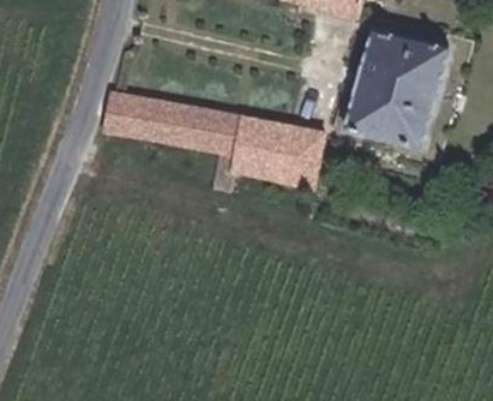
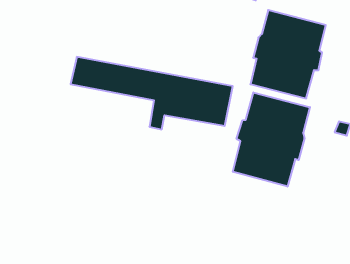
building: none -> [233,92,310,187]

